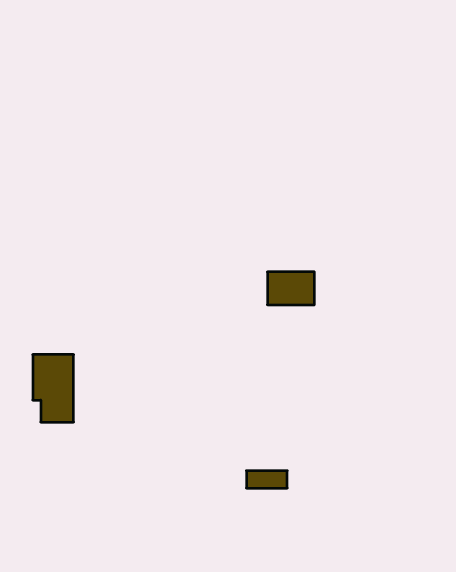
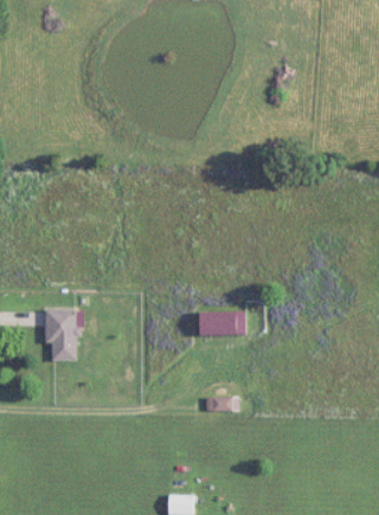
building: [267,272,314,305] -> [206,311,242,336]

